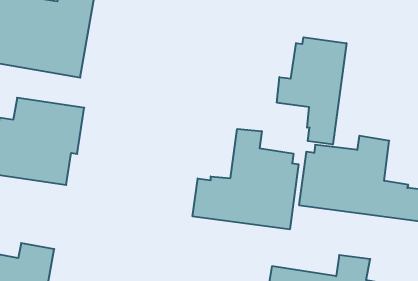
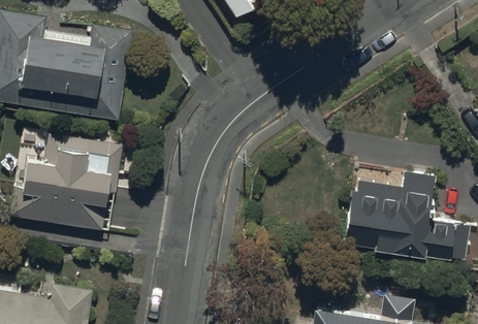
building: [277,37,346,145] -> none
building: [193,129,299,229] -> none

